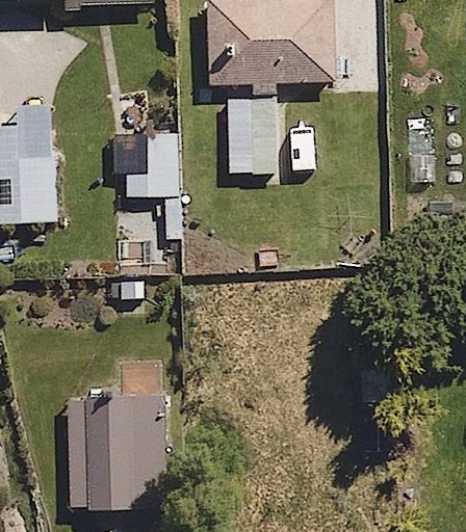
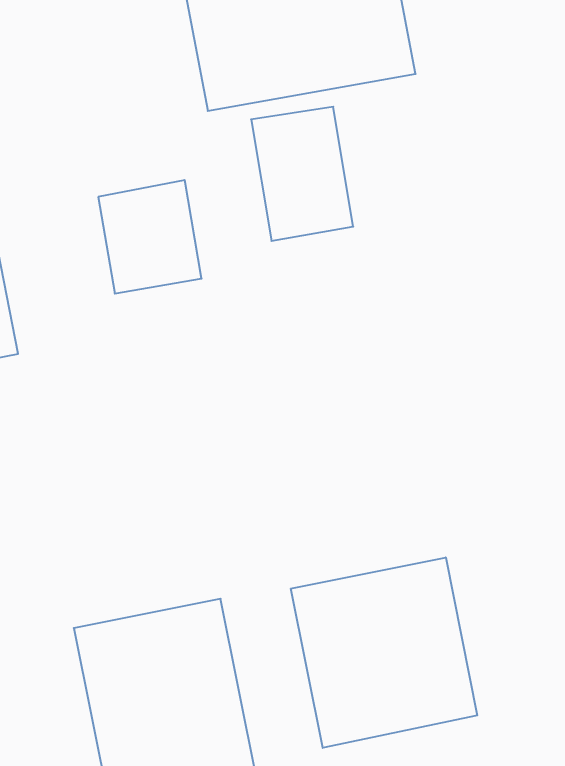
building: none -> [291,557,477,748]

